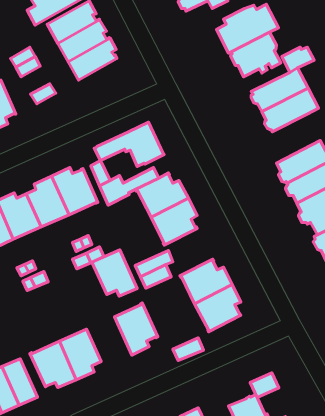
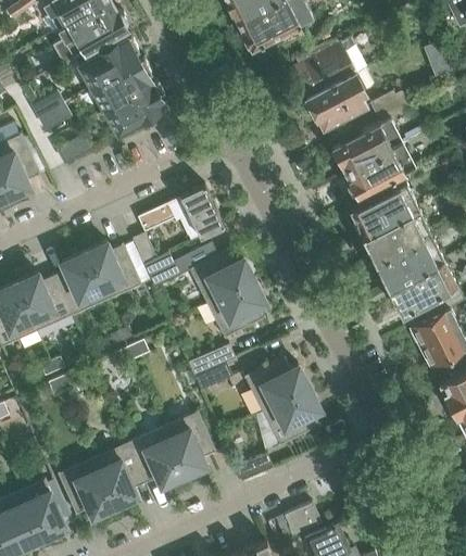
building: none -> [351,184,418,237]
building: [92,250,137,296] -> [127,428,184,485]
building: [250,373,279,397] -> [285,504,320,534]

